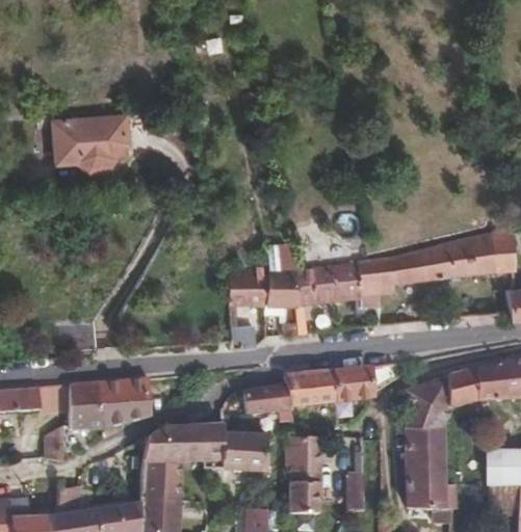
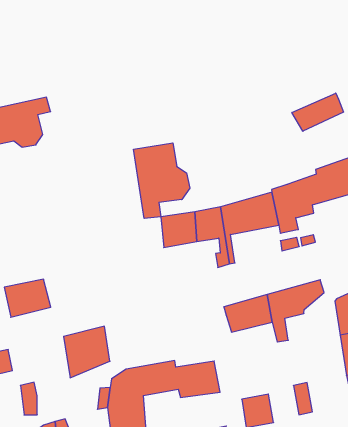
building: none -> [292,93,343,131]
building: none -> [134,143,190,218]
building: [70,382,103,431] -> none
building: [244,387,290,414] -> none
building: [285,434,319,482] -> none

